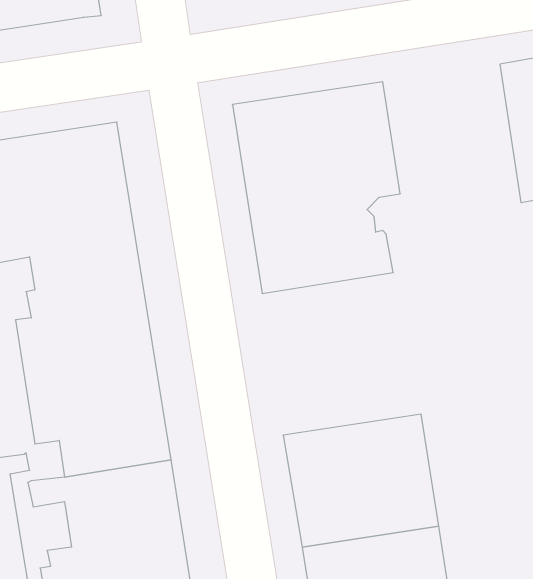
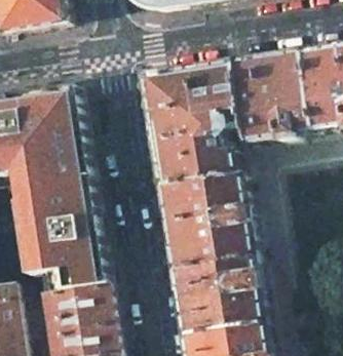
building: none -> [229,52,310,144]
building: none -> [158,173,252,270]

